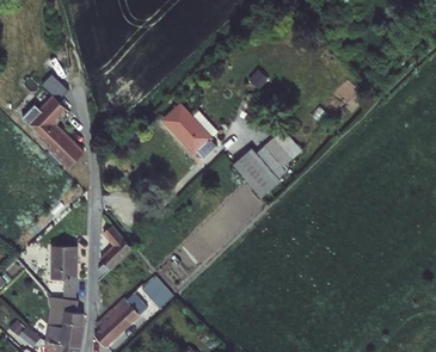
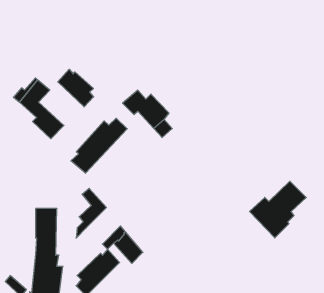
building: none -> [58,69,94,107]
building: [233,128,300,194] -> [250,181,306,238]
building: none -> [71,118,127,173]

